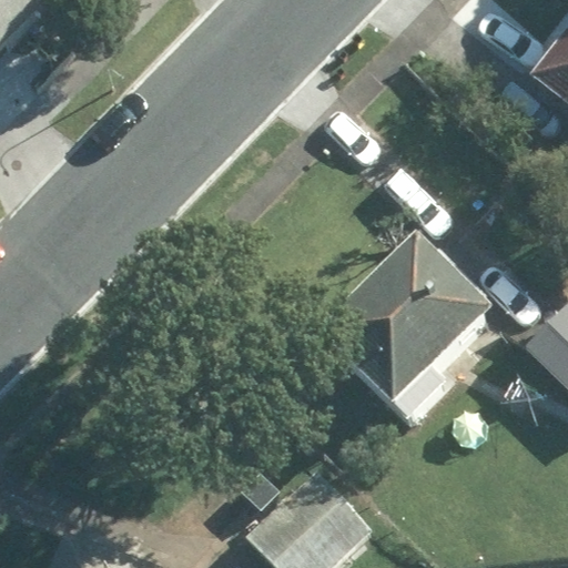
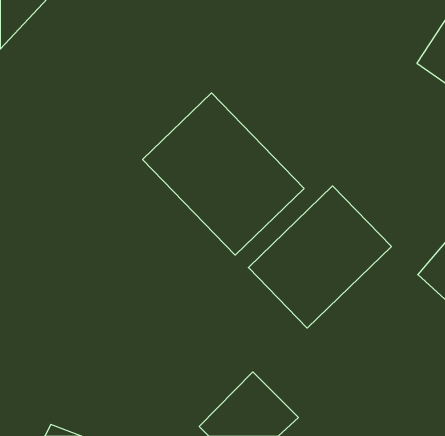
building: none -> [143,93,304,255]

